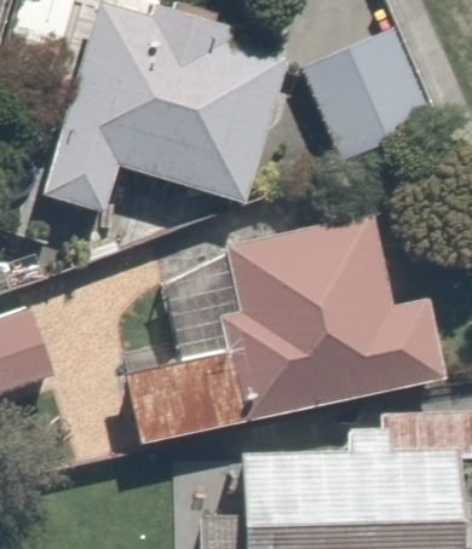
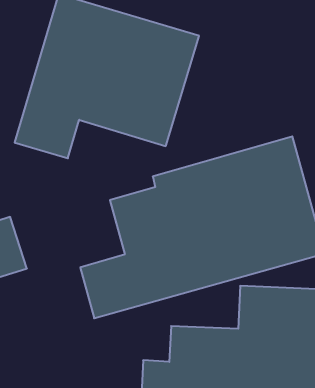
building: [301,36,432,164] -> none

